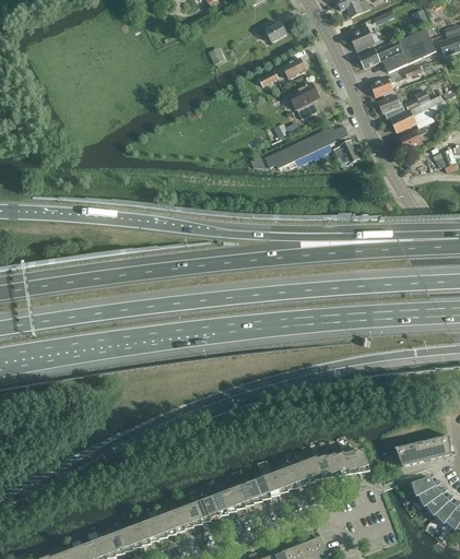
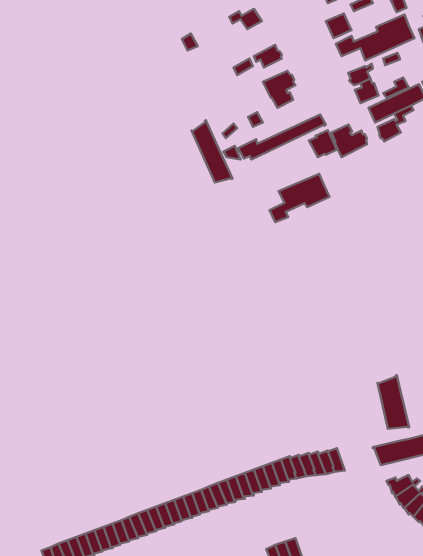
building: none -> [191,120,233,182]
building: none -> [332,125,367,157]
building: none -> [270,174,330,222]
building: none -> [378,375,409,429]

